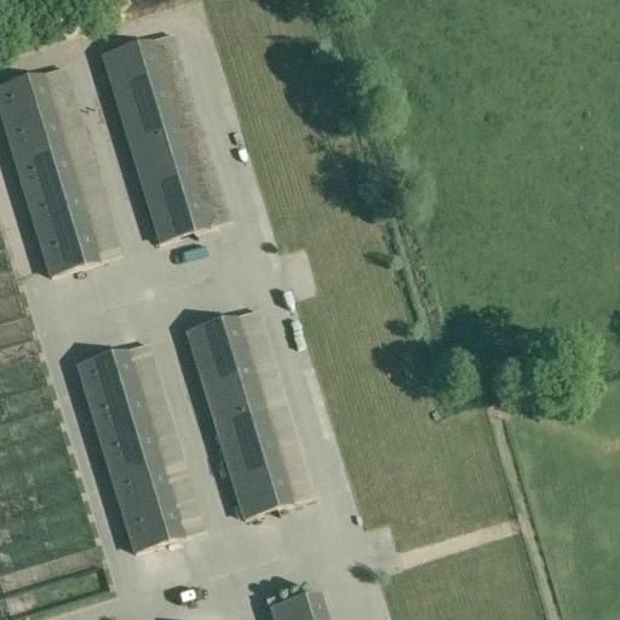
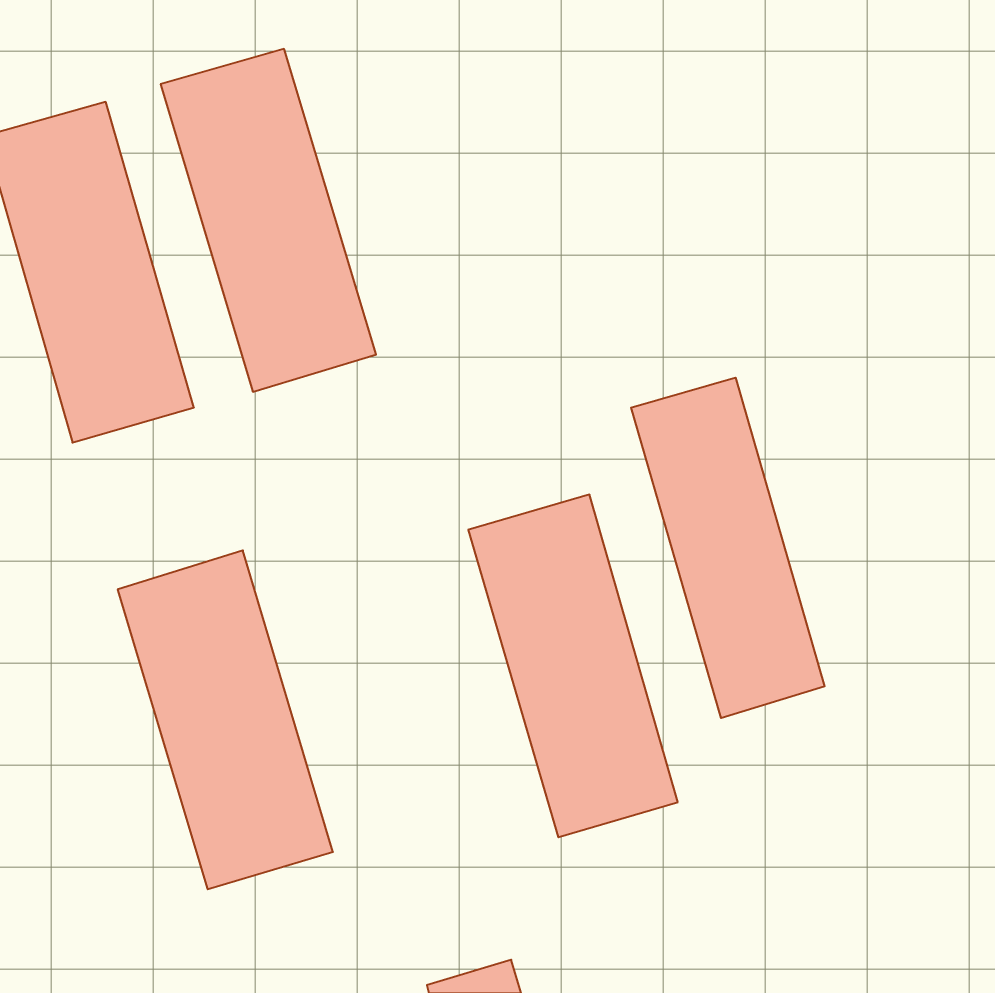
building: none -> [631,378,825,718]
building: [184,309,314,521] -> [468,495,678,837]

